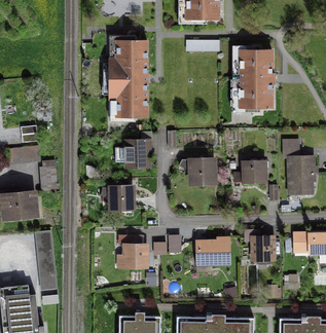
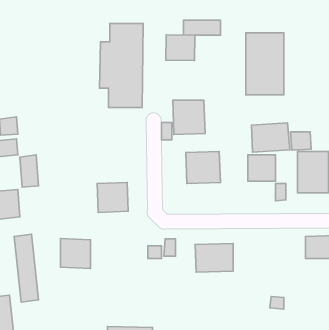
building: none -> [166,35,195,60]
building: none -> [251,123,290,152]
building: [122,140,151,171] -> [173,100,205,135]
building: [251,235,277,262] -> none
building: [117,242,144,268] -> [60,239,90,268]

